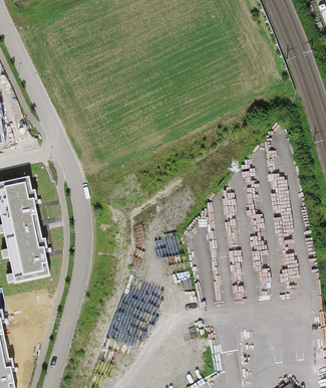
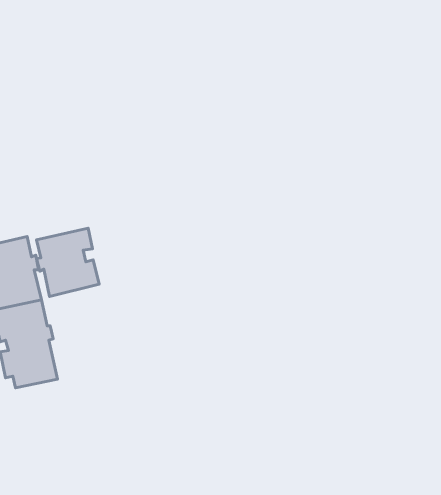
building: none -> [36,228,99,297]

